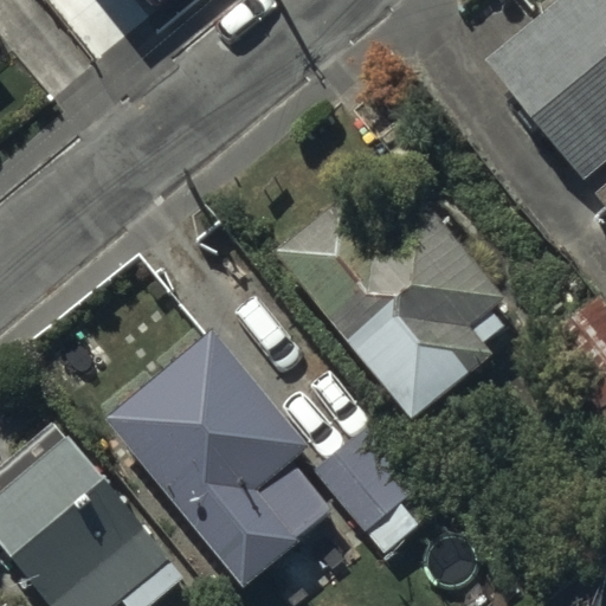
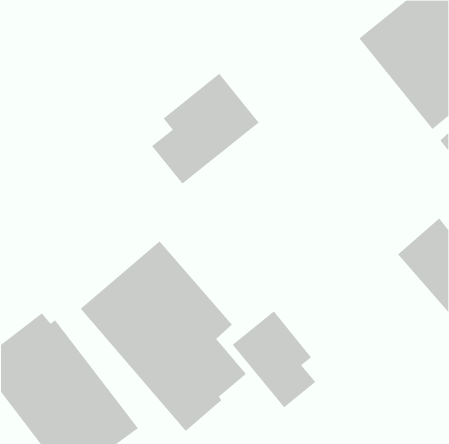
building: none -> [151,73,260,184]
building: [273,198,502,421] -> none

